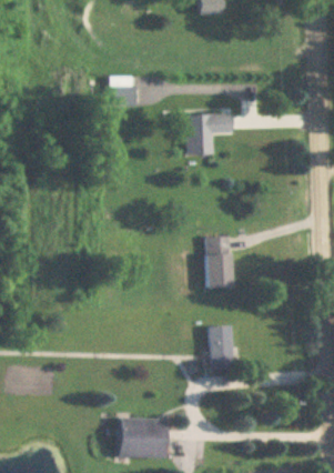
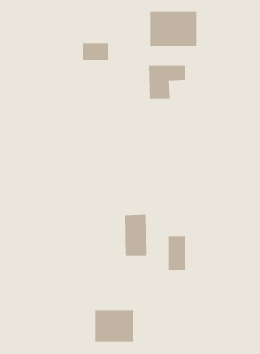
building: none -> [150,11,197,47]
building: [204,235,233,288] -> [124,214,147,256]

